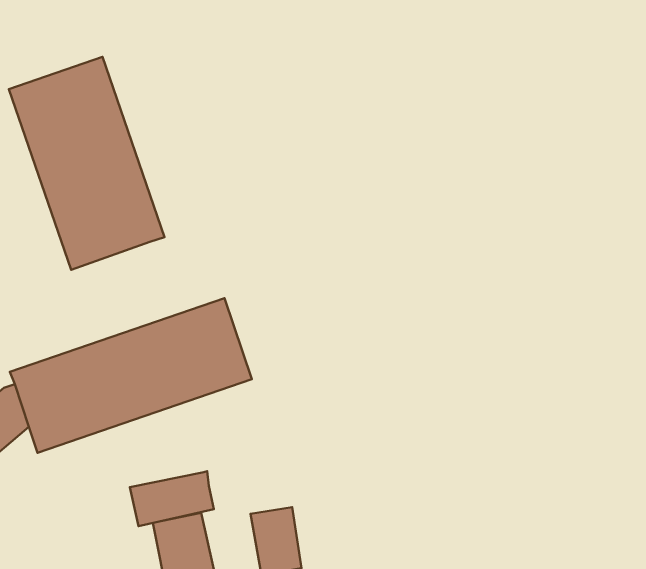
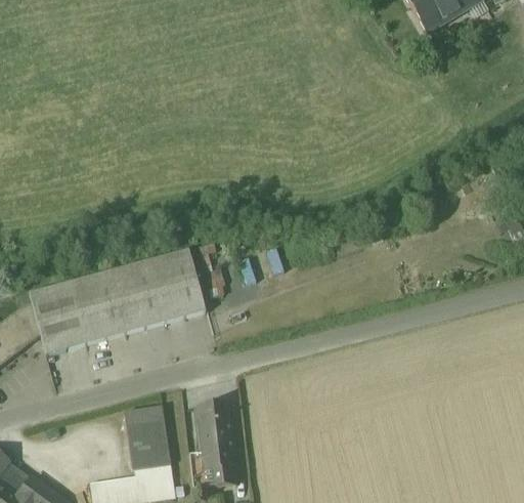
building: [9,57,165,270] -> none
building: [130,471,214,526] -> none

